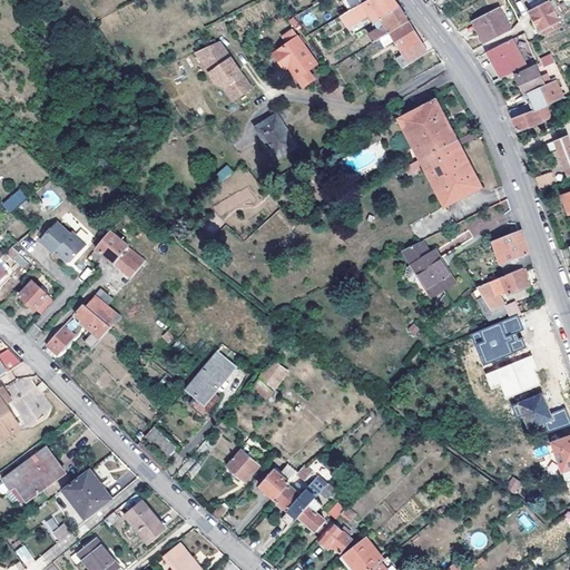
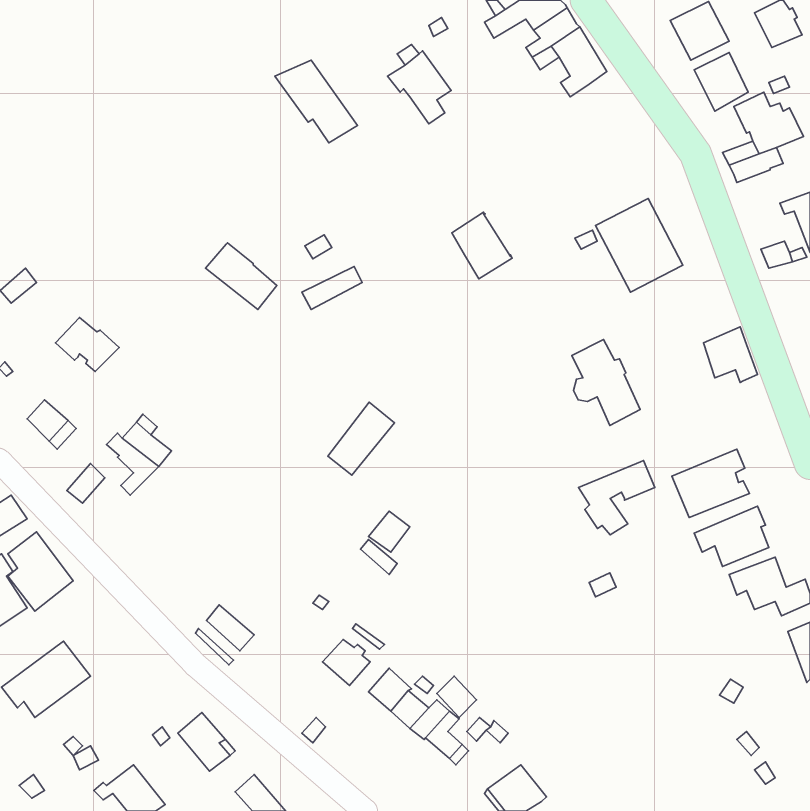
building: [397,99,454,158] -> none
building: [254,114,296,160] -> [452,212,512,279]
building: [95,230,145,277] -> [205,243,277,309]
building: [475,267,529,320] -> [578,460,655,535]
building: [188,350,235,401] -> [328,402,395,475]
building: [62,470,109,517] -> none
building: [318,523,352,553] -> none

